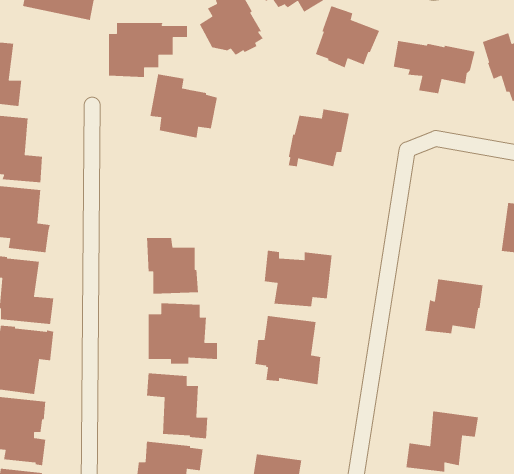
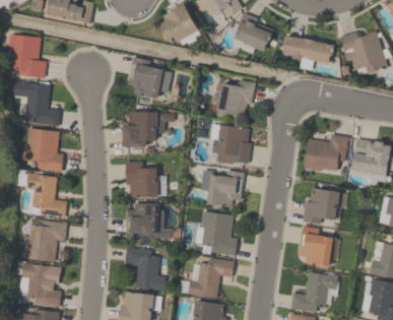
building: [108,22,188,78] -> [124,112,175,147]
building: none -> [211,125,251,165]
building: none -> [305,134,349,172]
building: none -> [299,226,334,267]
building: none -> [179,257,235,298]

